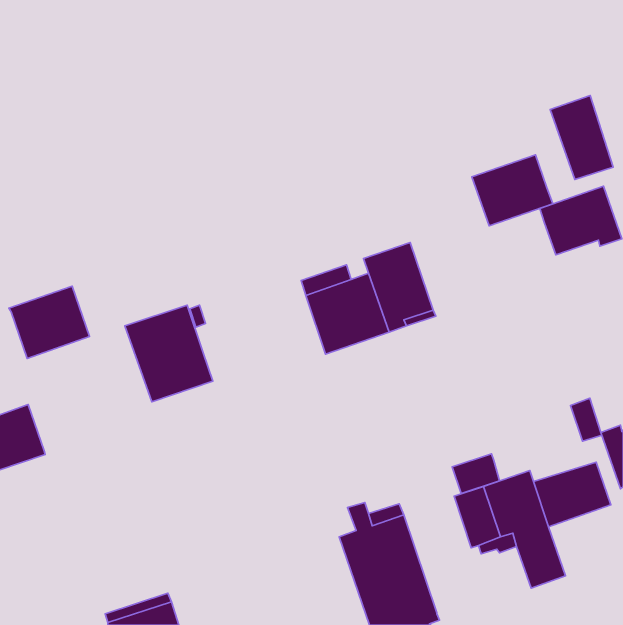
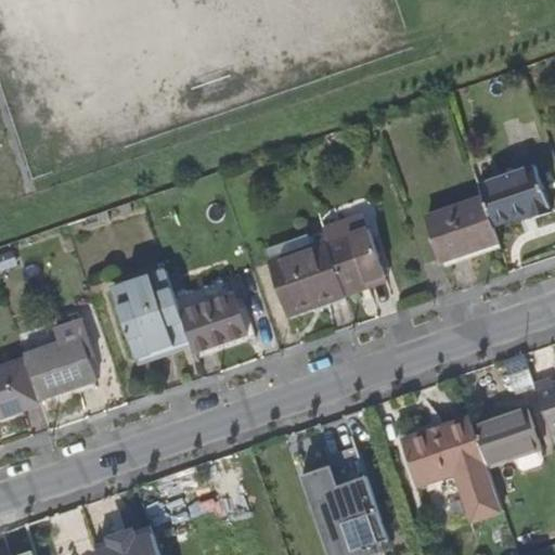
building: [550,96,613,179] -> none
building: [472,155,553,226] -> [426,197,498,260]
building: [9,286,89,358] -> [23,335,94,399]
building: none -> [180,294,247,351]
building: [452,454,500,493] -> none

